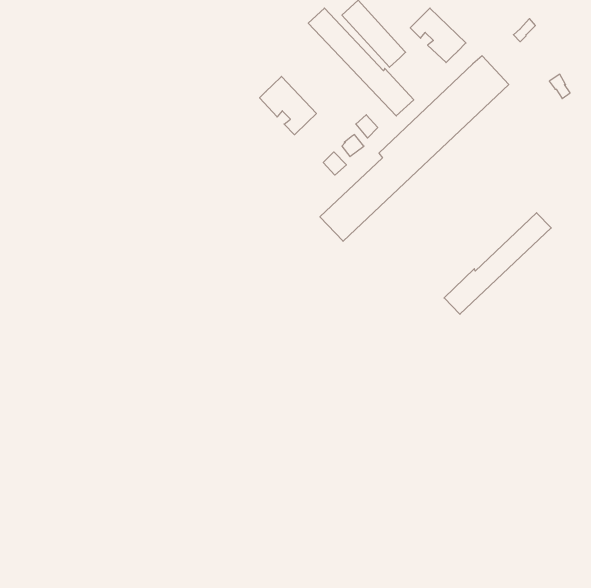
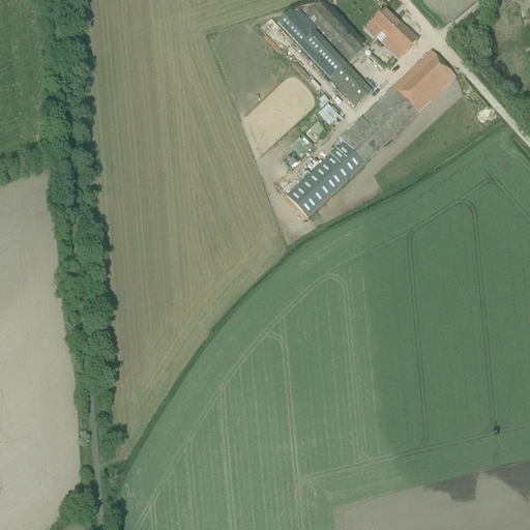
building: [260,76,316,135] -> none
building: [444,213,551,314] -> none

